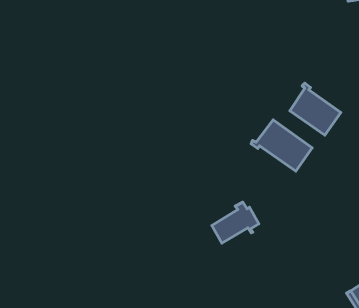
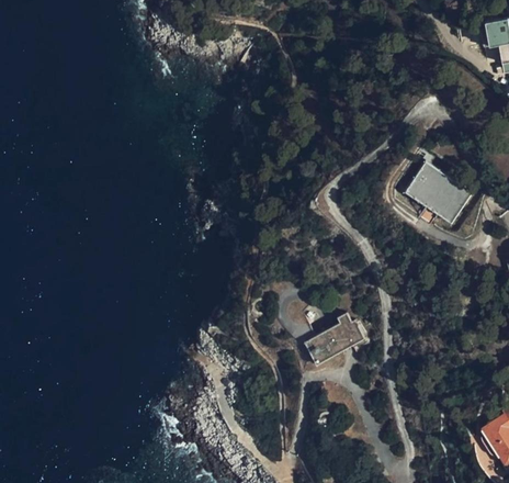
building: [251,120,312,171] -> none

